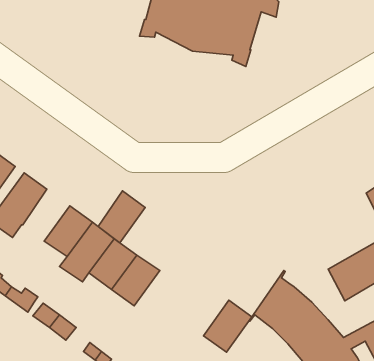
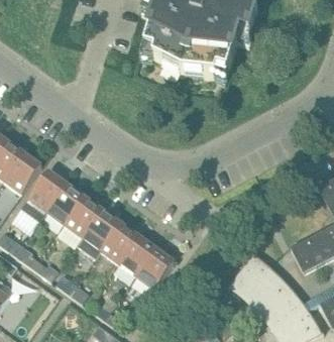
building: [98,191,145,243] -> [46,183,84,224]
building: [204,300,252,352] -> [135,247,174,289]

